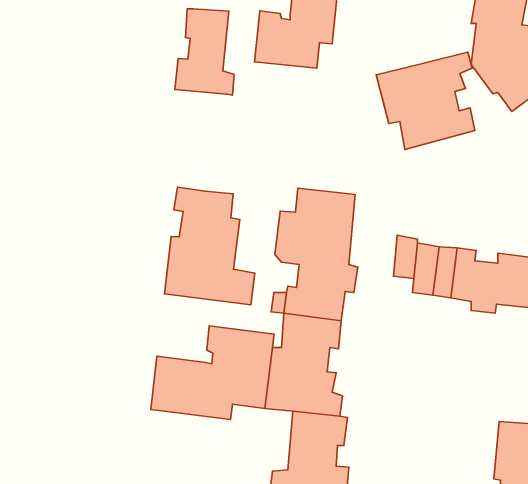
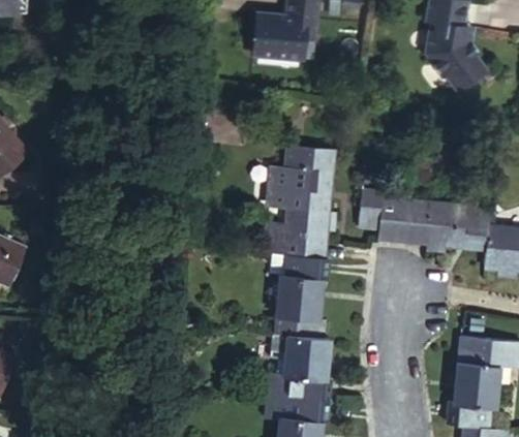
building: [175,9,234,95] -> none
building: [376,52,475,149] -> none
building: [165,187,255,305] -> none
building: [151,326,274,419] -> none

